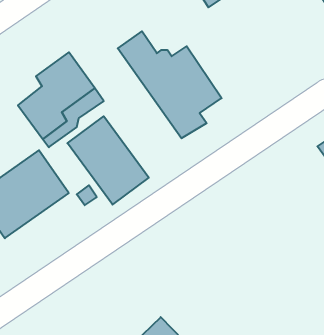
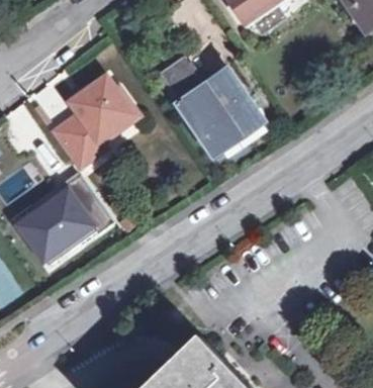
building: [67,116,149,205] -> none

